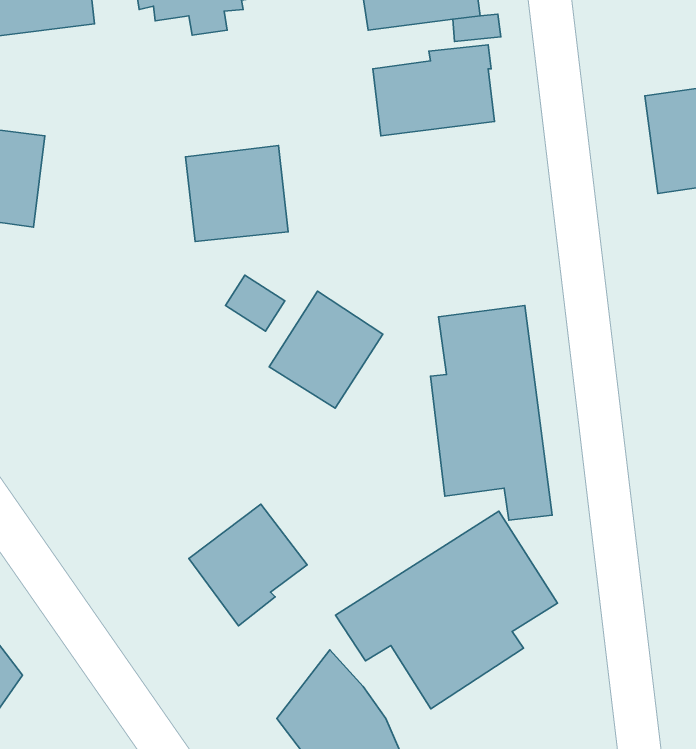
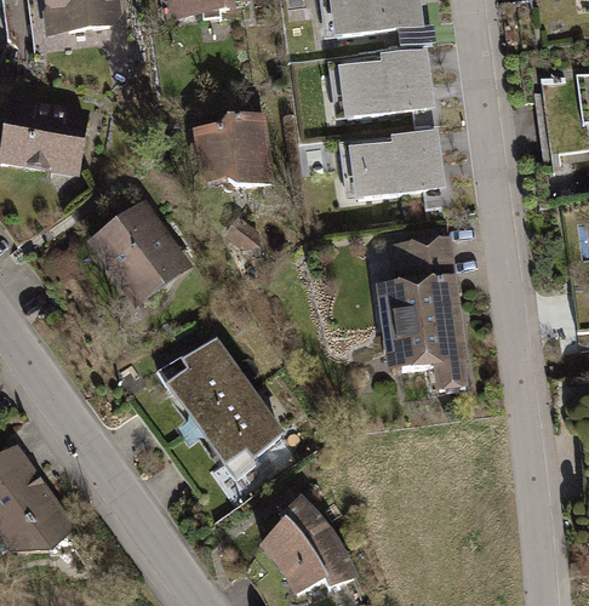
building: none -> [347,119,439,189]
building: none -> [90,199,193,303]
building: [269,291,383,408] -> none
building: none -> [155,338,251,428]
building: [336,511,558,709] -> none

